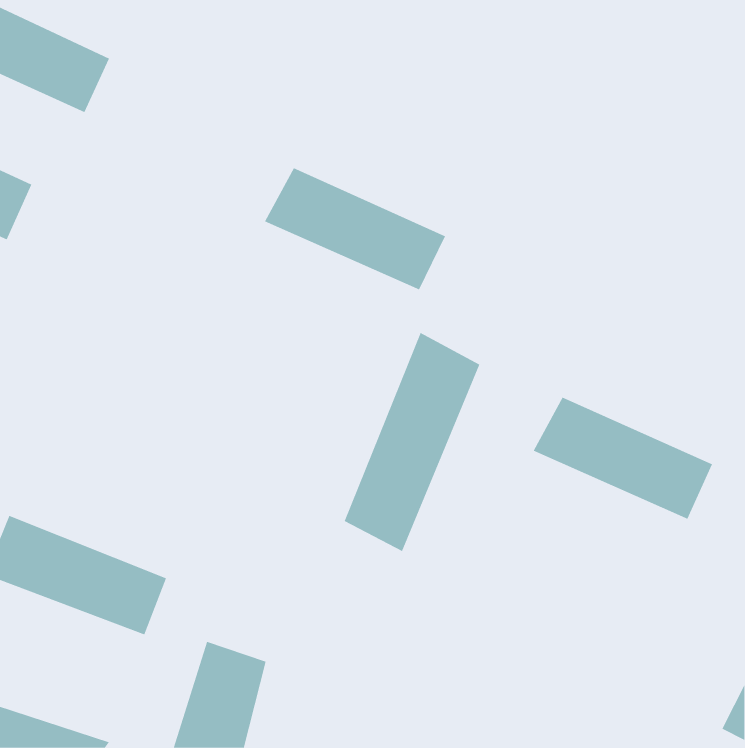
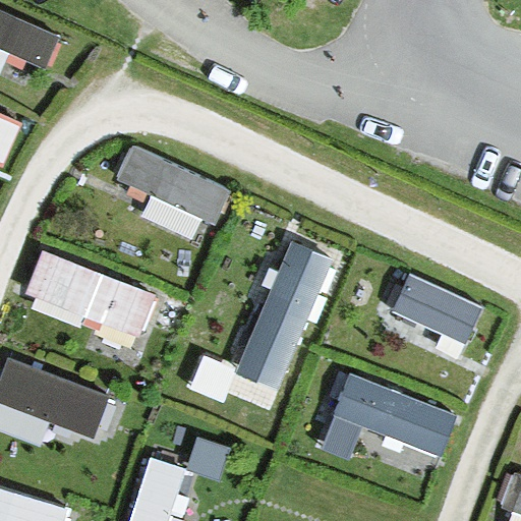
building: [264,167,446,290] -> [106,152,232,237]
building: none -> [27,250,153,336]
building: none -> [331,373,456,459]

